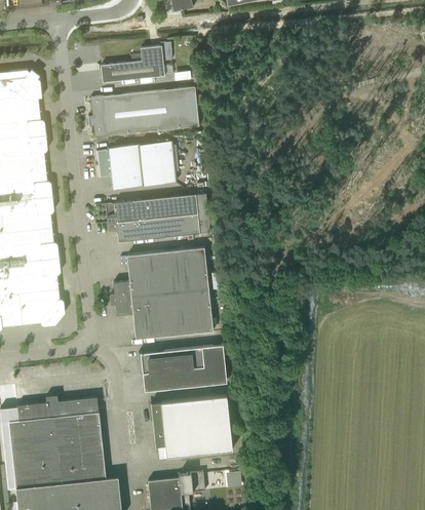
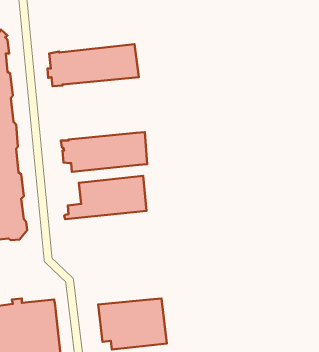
building: [101,44,171,83] -> none
building: [95,142,175,190] -> none
building: [110,289,212,340] -> none
building: [138,345,227,392] -> none

